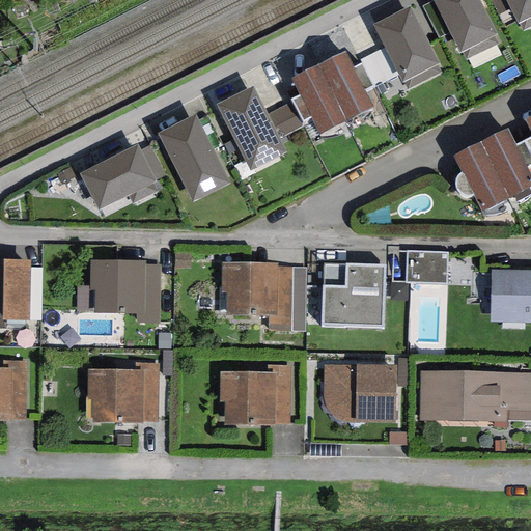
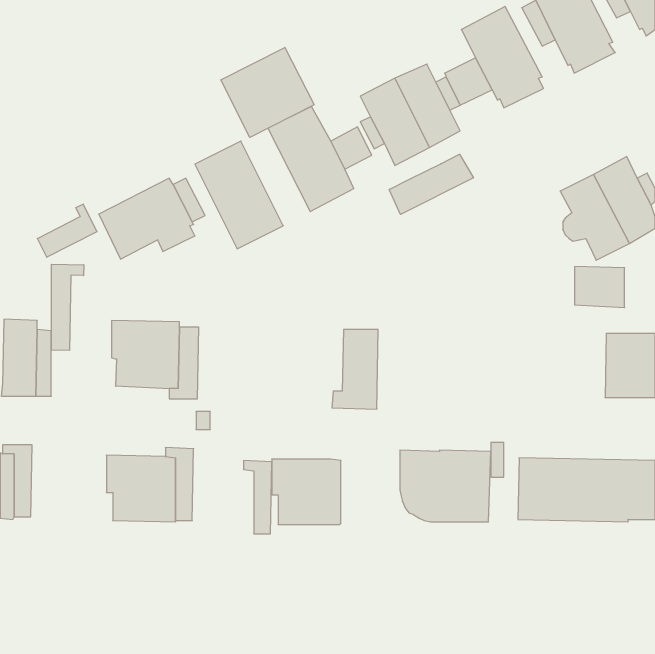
building: none -> [221,47,314,137]
building: none -> [389,154,473,214]
building: none -> [37,204,97,257]
building: none -> [51,264,84,350]
building: [407,250,447,283] -> [575,267,625,308]
building: [221,262,278,316] -> none
building: [322,263,386,327] -> none
building: [268,364,290,423] -> [244,461,272,534]

